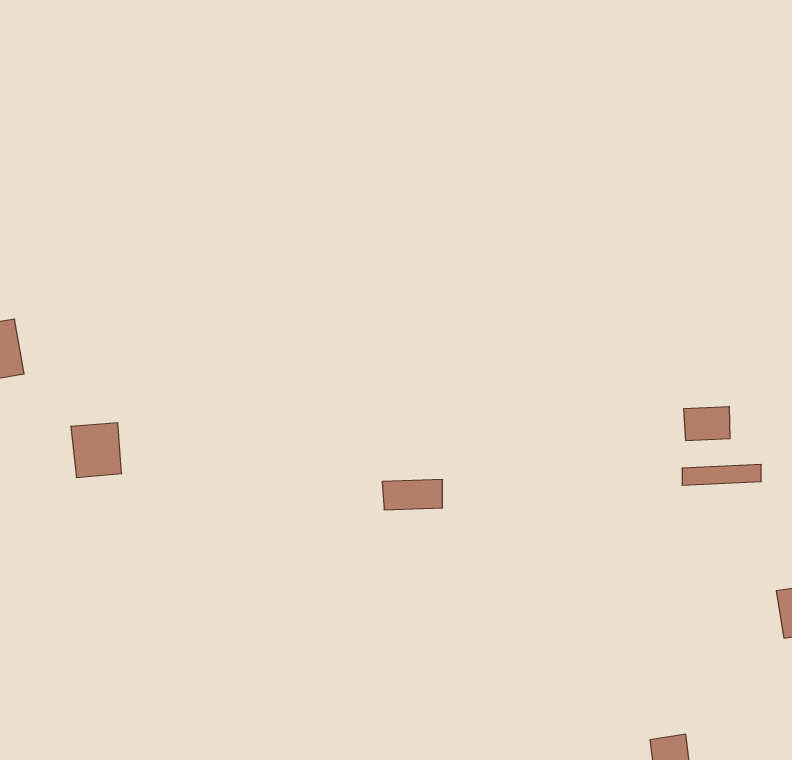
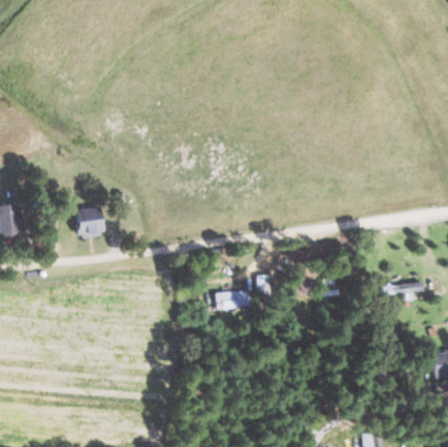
building: [684,406,730,441] -> none
building: [71,423,122,477] -> [74,207,102,237]

